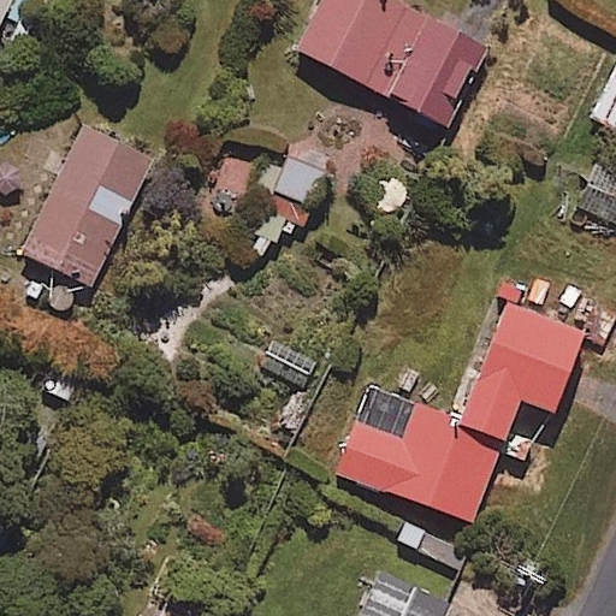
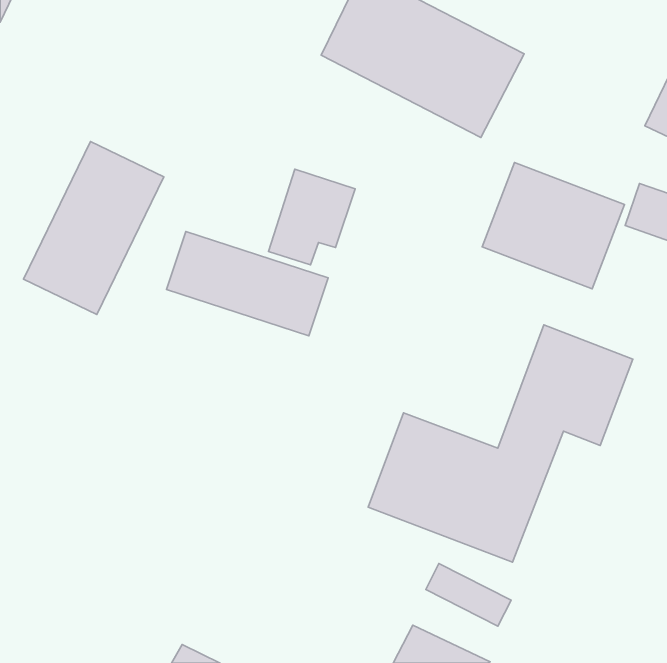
building: none -> [482,163,624,289]
building: none -> [167,231,328,336]

